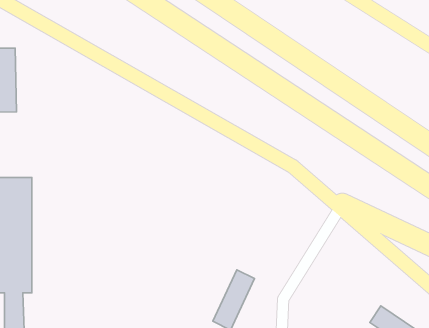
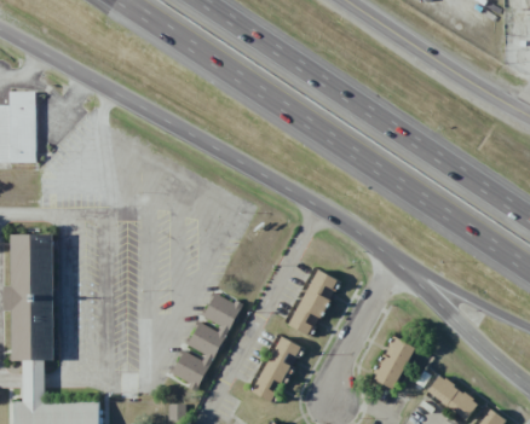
building: none -> [289,269,339,337]
building: none -> [172,294,238,393]
building: none -> [370,336,415,390]

